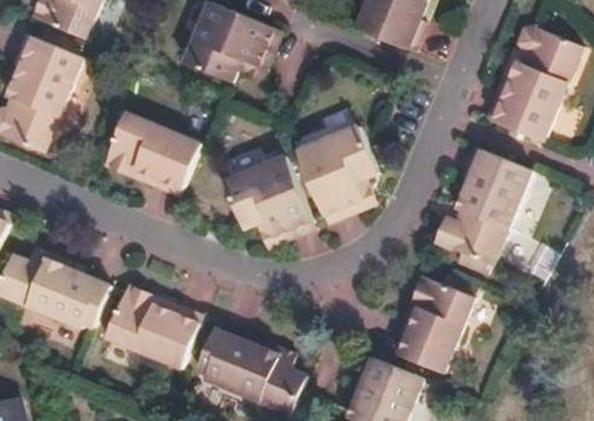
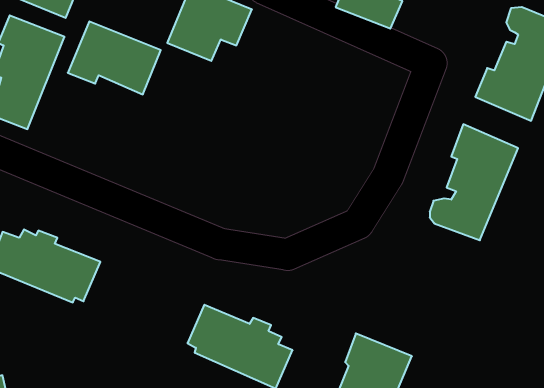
building: [99,112,194,186] -> [68,21,161,94]
building: [290,127,369,214] -> none
building: [212,155,296,233] -> none
building: [404,280,478,375] -> none
building: [109,285,201,368] -> none

